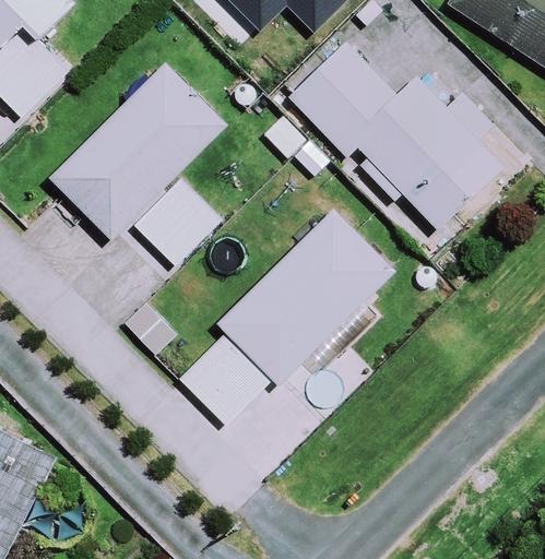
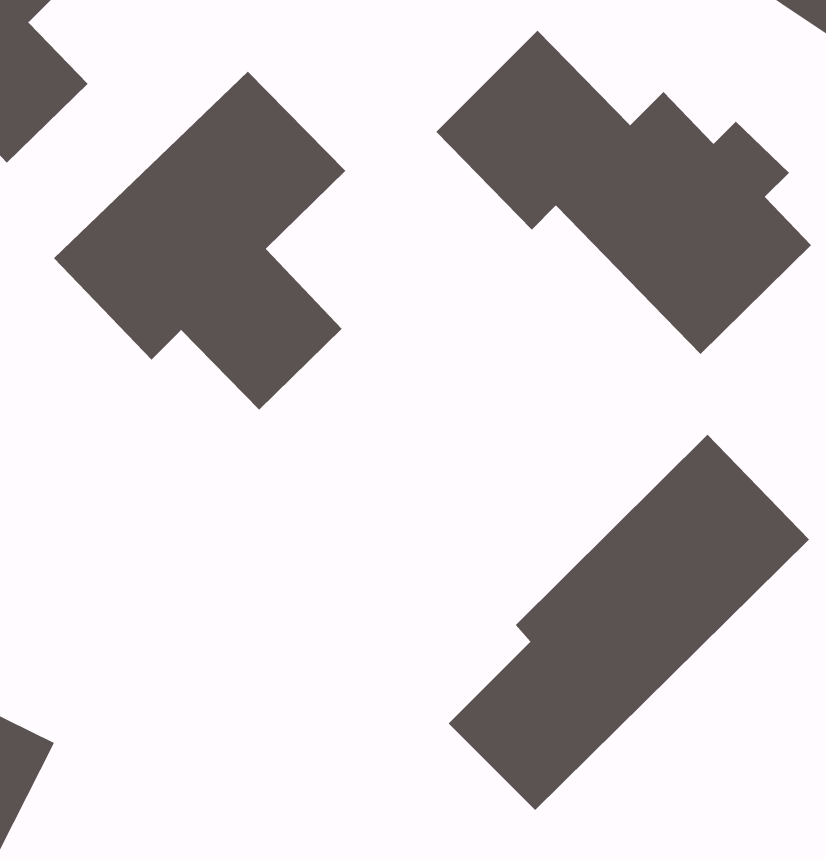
building: [180,206,393,428] -> [448,434,810,811]

